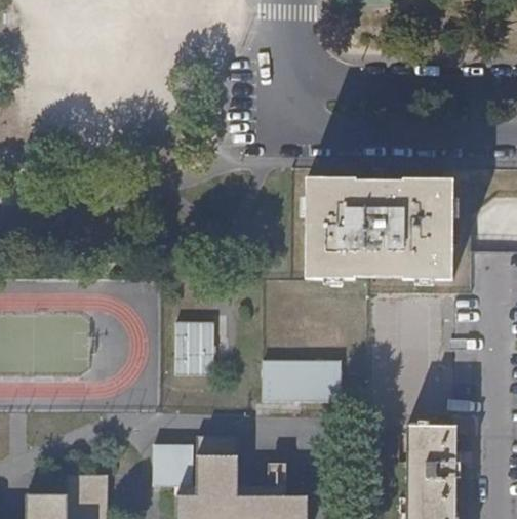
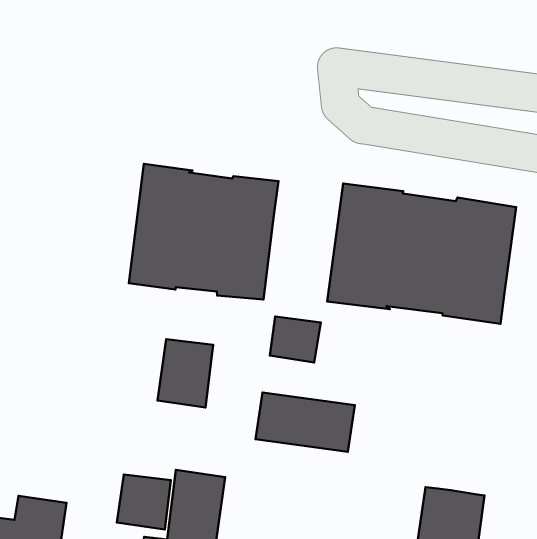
building: none -> [129,164,278,299]
building: none -> [270,316,321,362]

